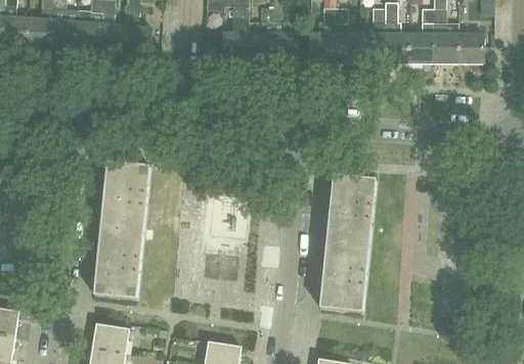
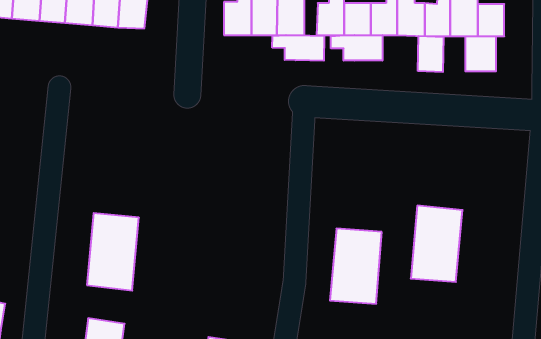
building: none -> [272,35,324,61]
building: none -> [331,35,382,61]
building: none -> [418,36,444,72]
building: none -> [465,36,496,71]
building: [100,162,149,231] -> none
building: [325,174,374,244] -> [411,206,463,282]

